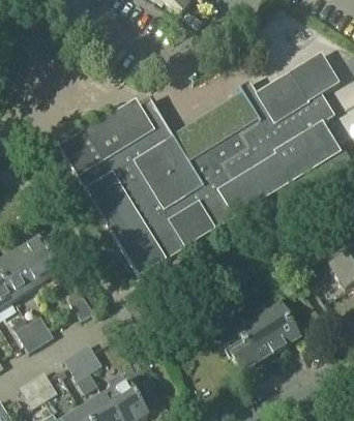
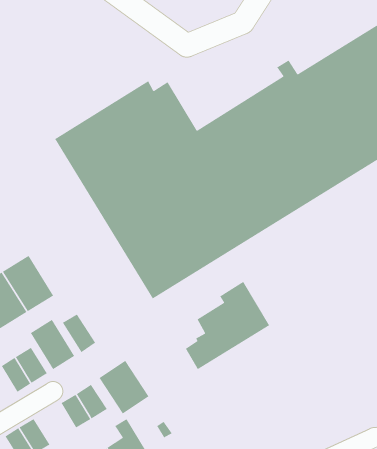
building: none -> [30,319,75,370]
building: [230,299,299,371] -> [185,281,270,370]
building: none -> [99,360,149,415]

